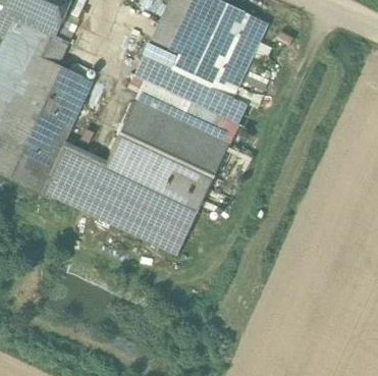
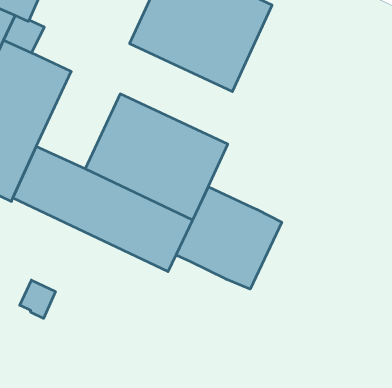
building: [132,56,237,144] -> none
building: none -> [177,187,282,289]
building: none -> [20,280,55,318]

